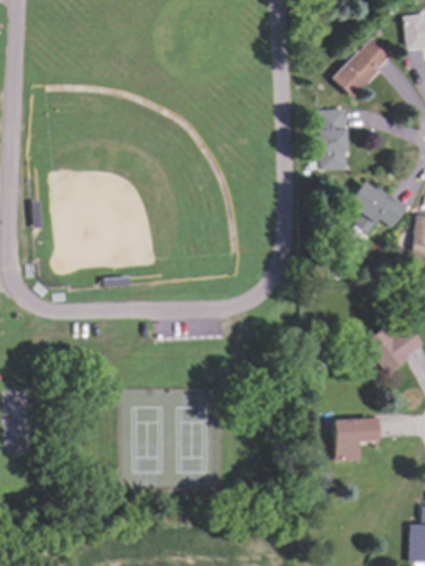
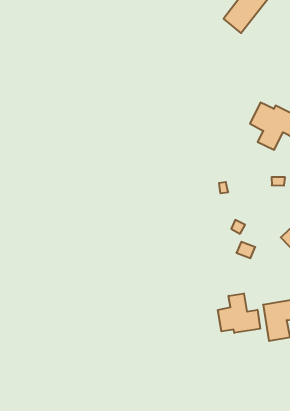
building: [317,110,348,170] -> none
building: none -> [218,293,260,333]

